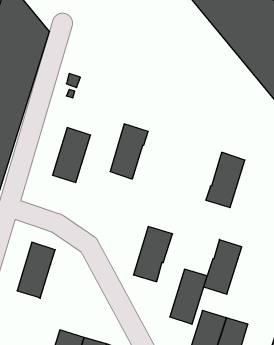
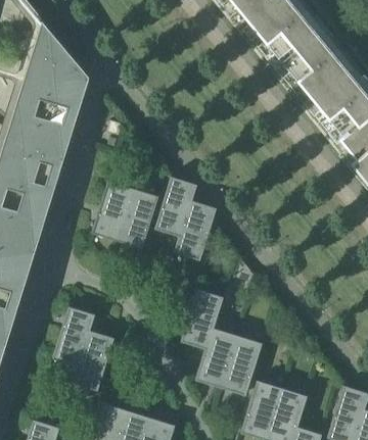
building: none -> [119,189,159,249]
building: [206,153,245,208] -> [175,200,218,260]
building: [204,239,242,294] -> [196,328,238,388]
building: none -> [73,331,116,391]

